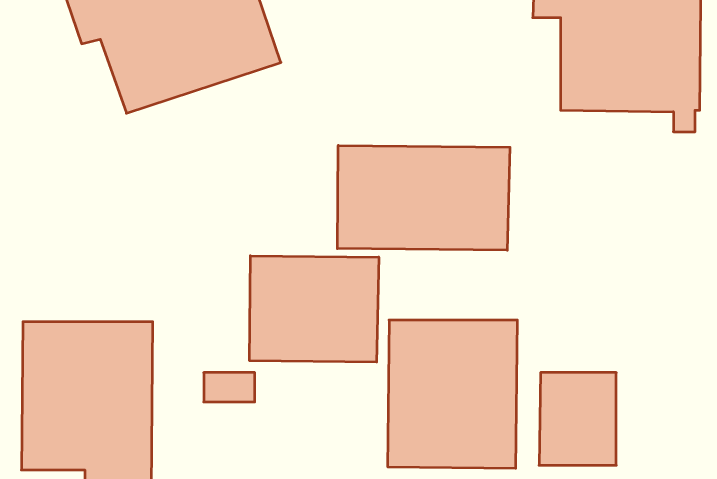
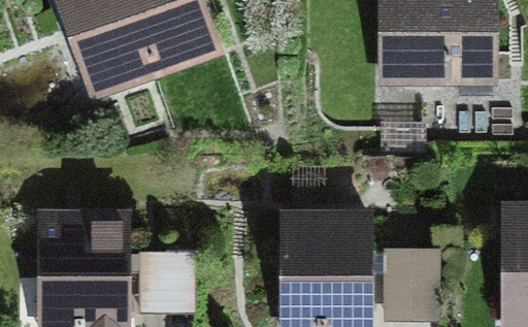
building: [337,145,510,250] -> none
building: [250,256,379,362] -> none

